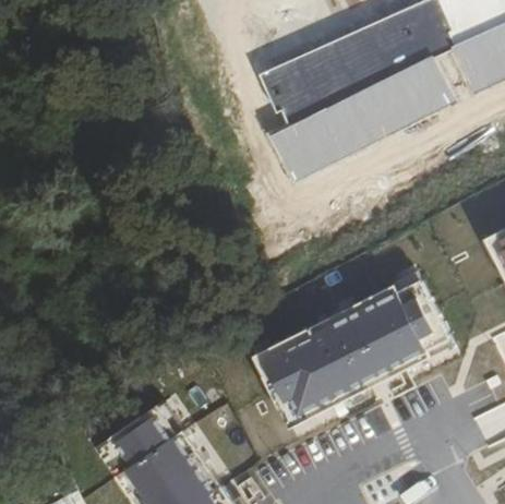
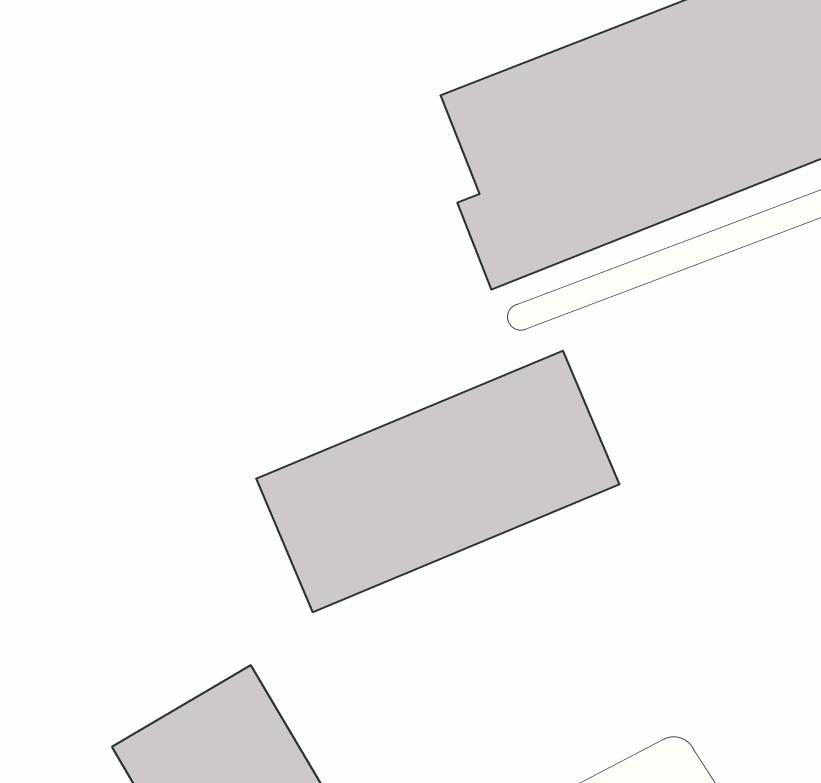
building: [250,273,452,427] -> [256,351,620,612]

